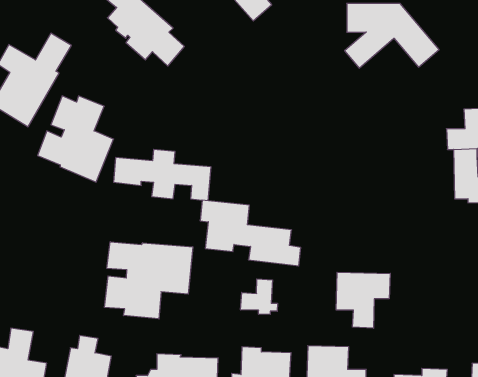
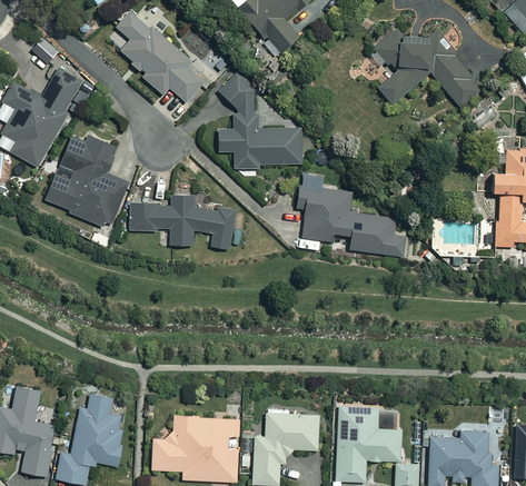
building: none -> [218,69,305,169]
building: [200,200,301,266] -> [297,185,406,256]
building: [105,242,193,319] -> none
building: [336,272,390,328] -> none
building: [241,279,277,314] -> none

